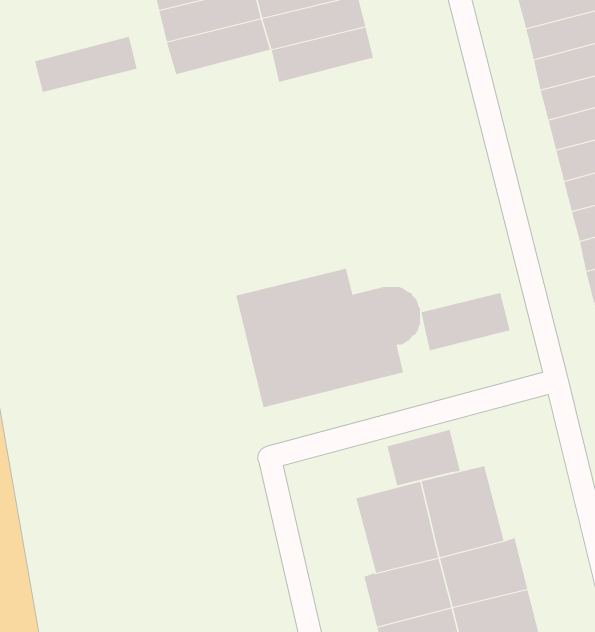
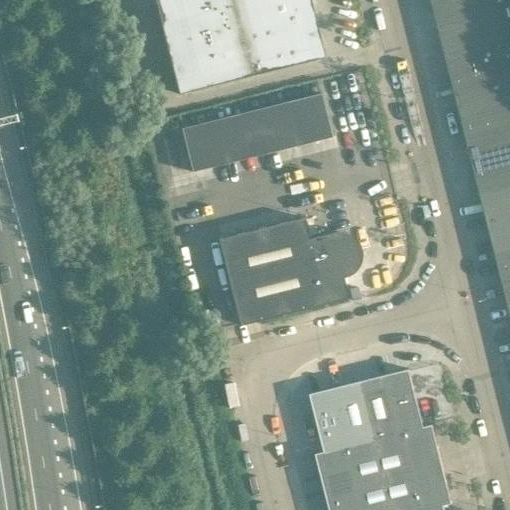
building: [34,36,137,92] -> [172,51,251,94]
building: none -> [182,93,333,167]
building: [421,292,510,351] -> none
building: [387,429,461,486] -> none

